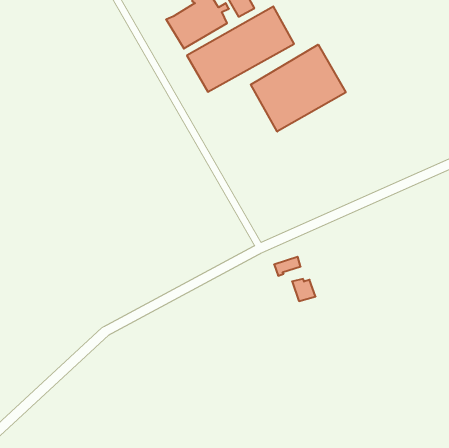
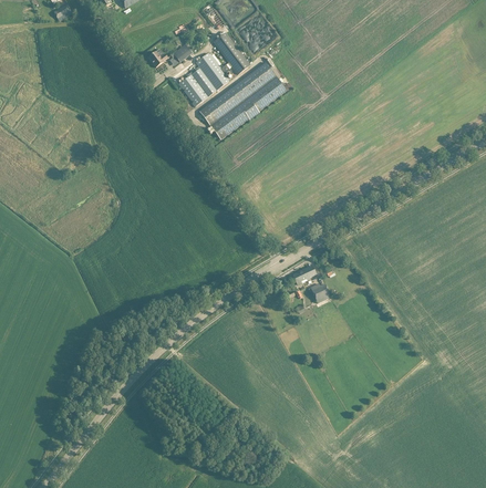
building: [251,45,346,132] -> none

